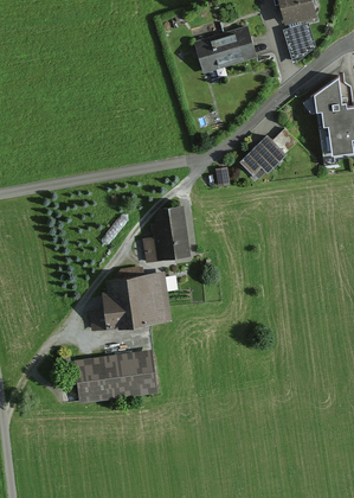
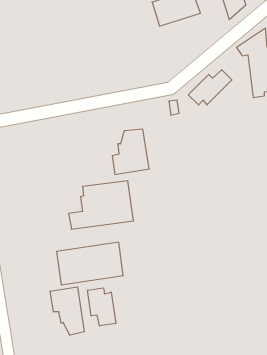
building: none -> [50,287,84,335]
building: none -> [87,288,116,326]

